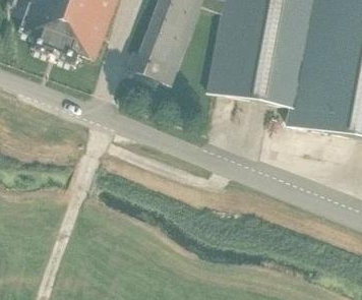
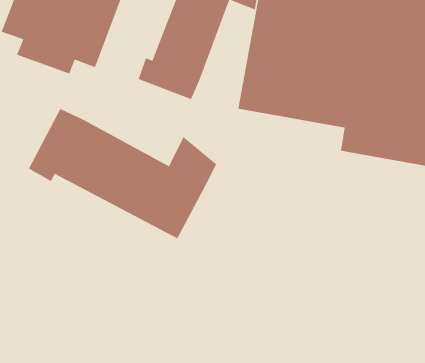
building: none -> [28,108,217,239]

